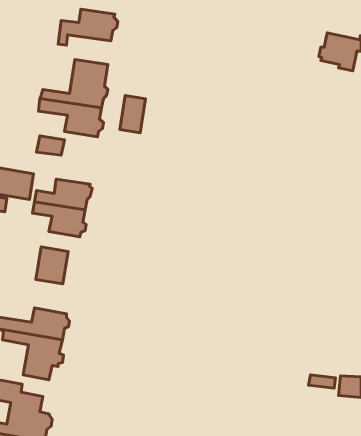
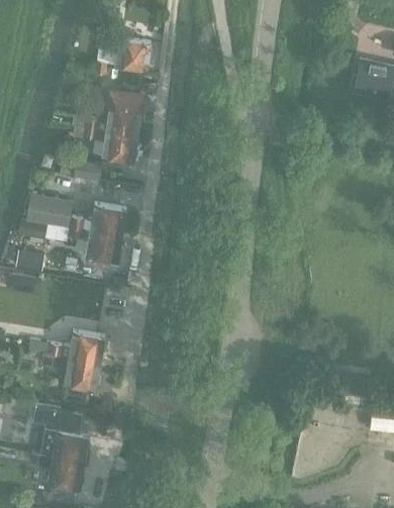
building: [120,95,145,133] -> none
building: [36,247,68,284] -> none

